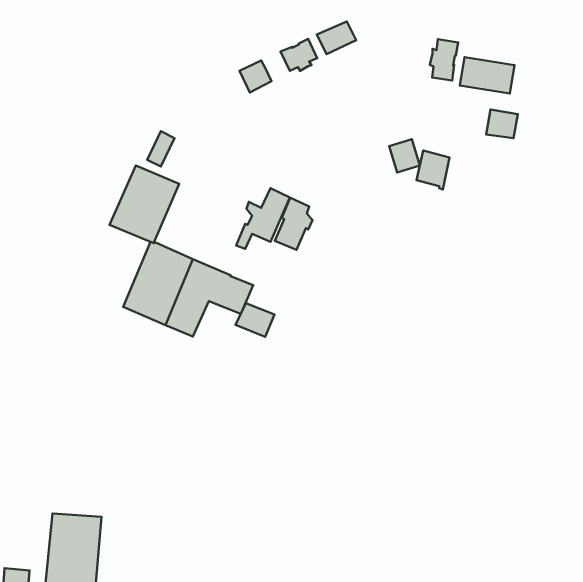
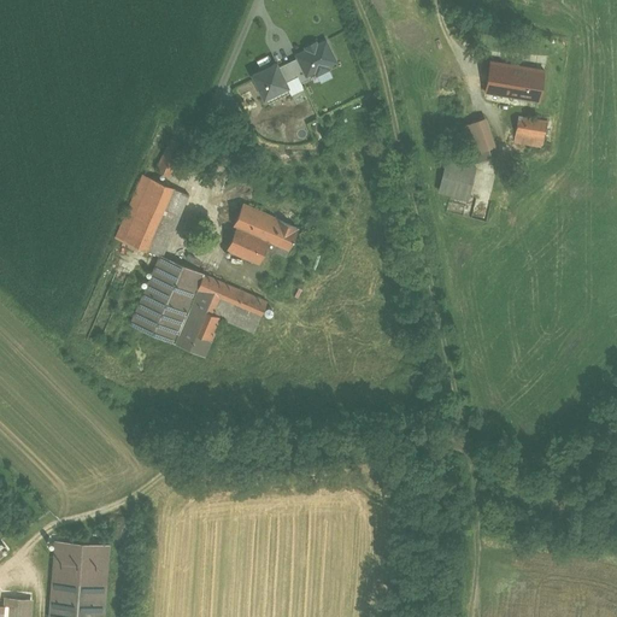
building: [317,22,356,54] -> none
building: [430,39,458,81] -> none
building: [389,139,420,172] -> [460,121,493,155]
building: [275,197,313,250] -> [227,205,266,260]
building: [235,303,274,337] -> none

